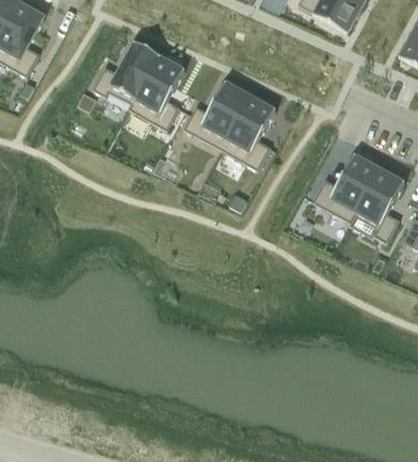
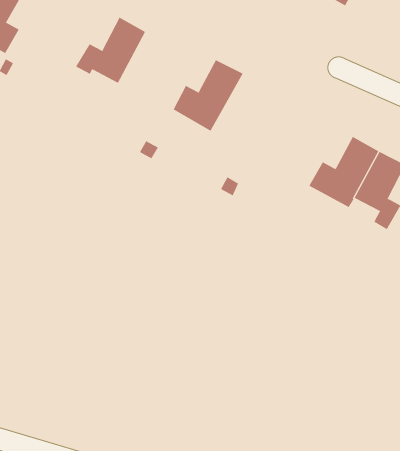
building: [129,55,186,129] -> none
building: [221,94,277,169] -> none

